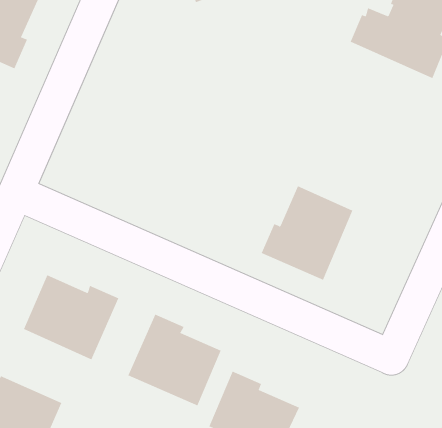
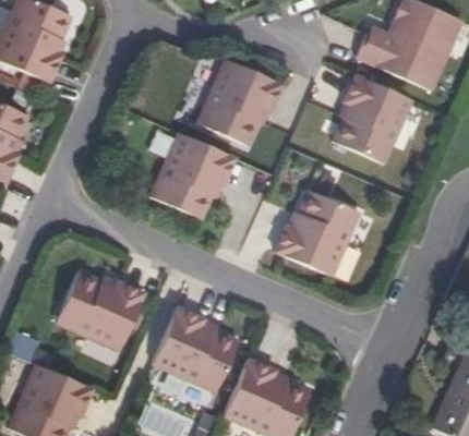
building: none -> [196,58,281,145]
building: none -> [332,73,411,162]
building: none -> [149,131,234,218]

